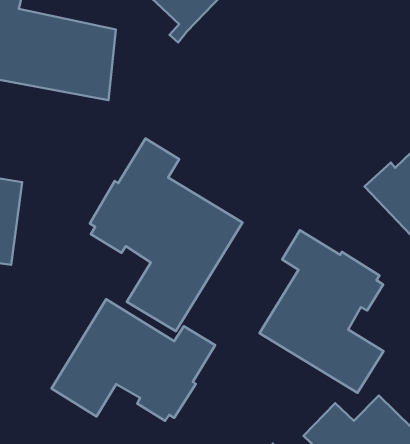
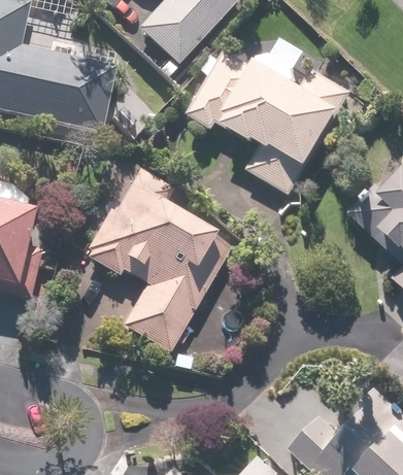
building: none -> [190,53,351,195]
building: [259,230,383,393] -> none
building: [52,299,215,421] -> none

